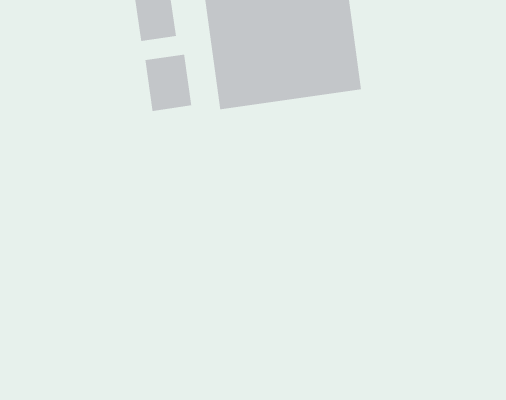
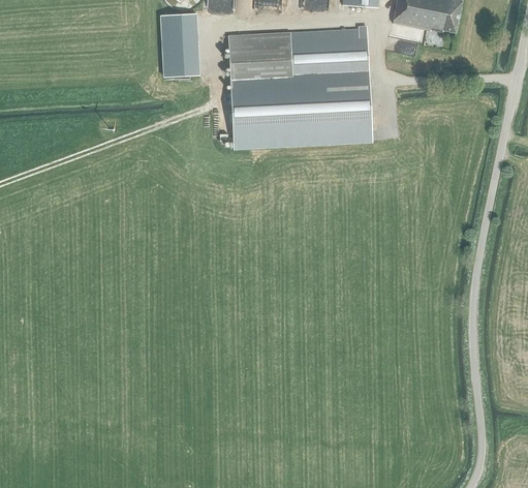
building: [145,54,192,112] -> none

